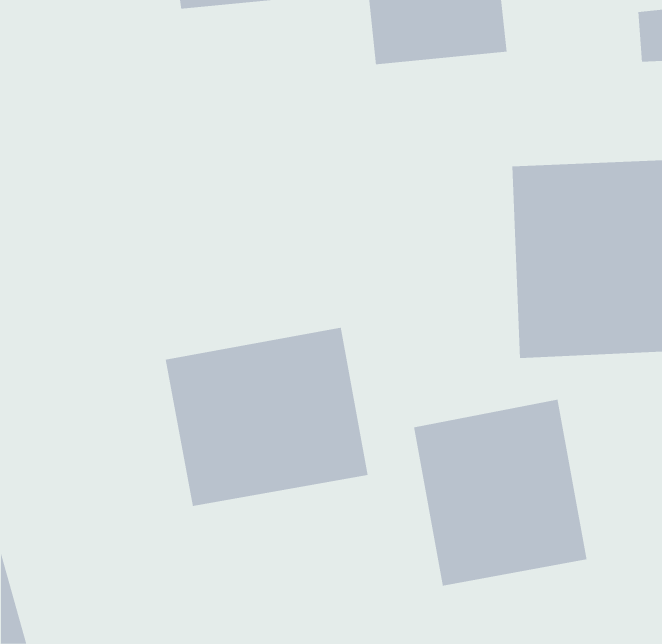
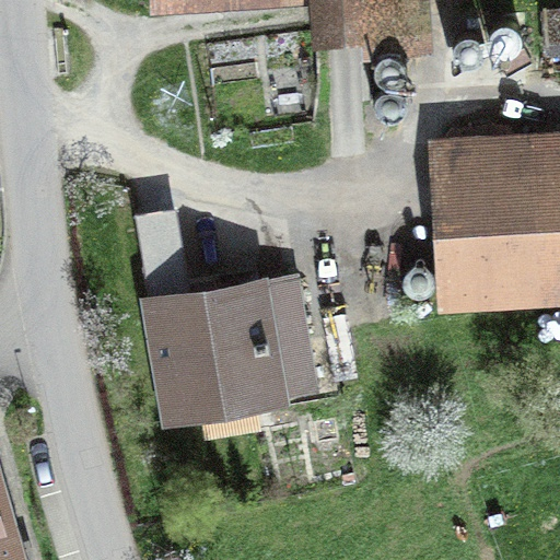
building: [414,399,587,586] -> none

